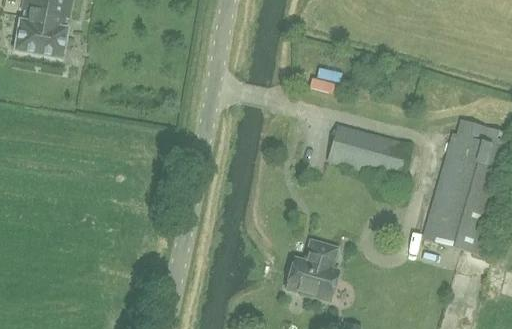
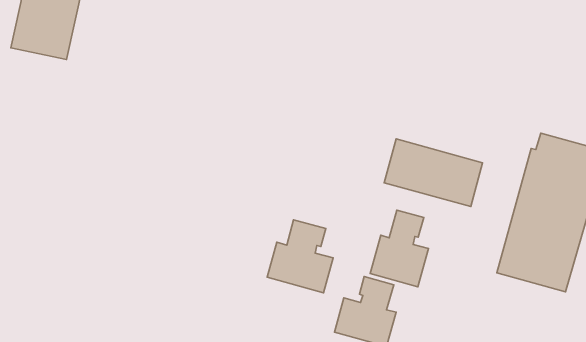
building: none -> [370,210,428,287]
building: none -> [267,220,333,293]

